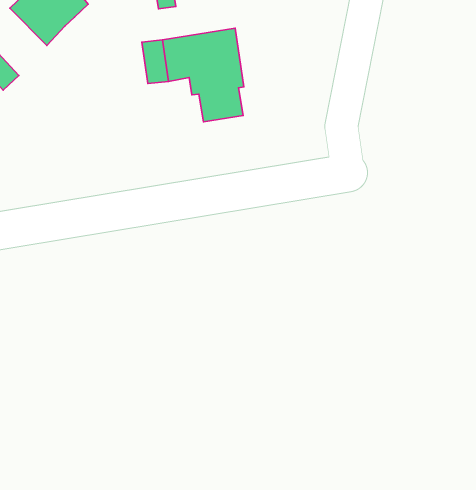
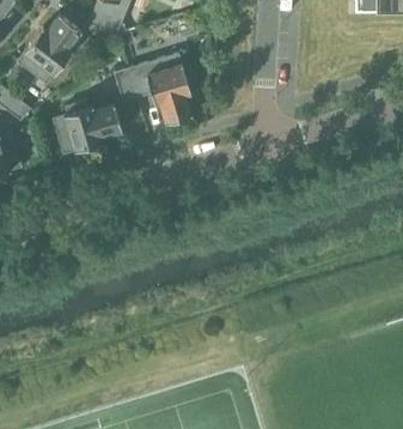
building: none -> [53,101,123,155]

